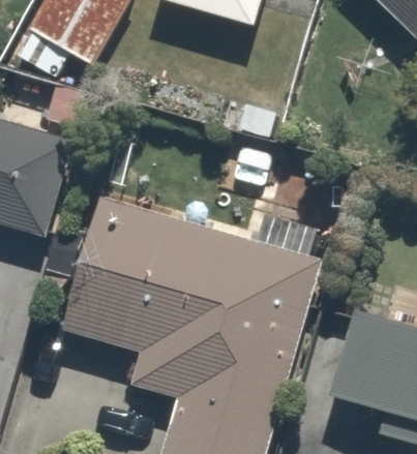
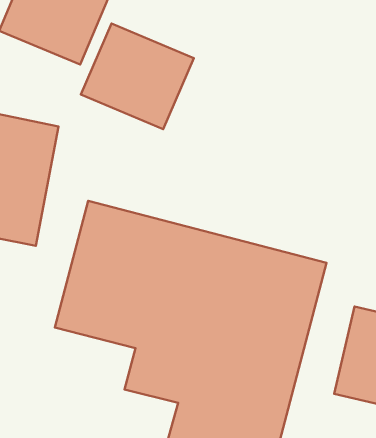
building: none -> [81,23,194,129]

